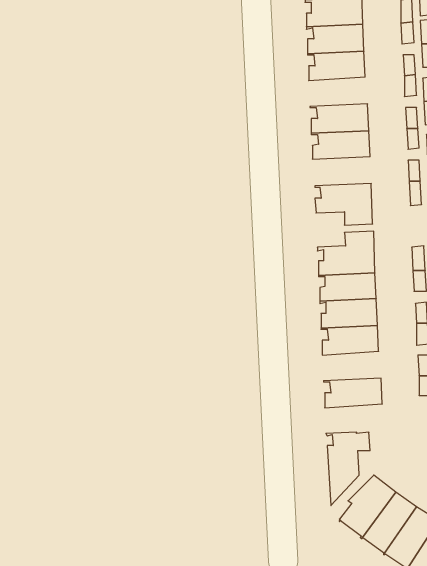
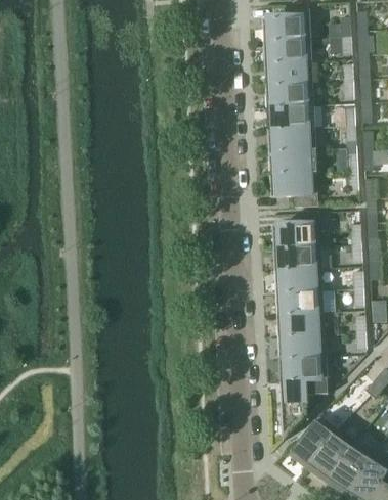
building: none -> [265,84,314,108]
building: none -> [268,150,317,175]
building: none -> [276,313,326,337]
building: none -> [278,357,328,396]

